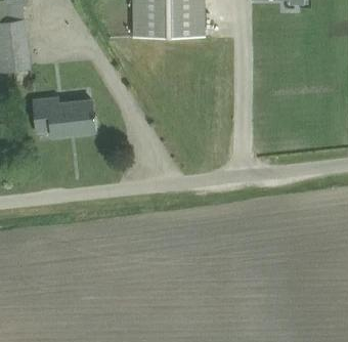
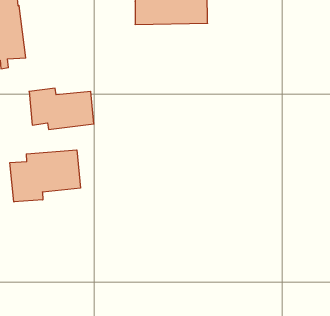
building: none -> [10,150,80,202]

